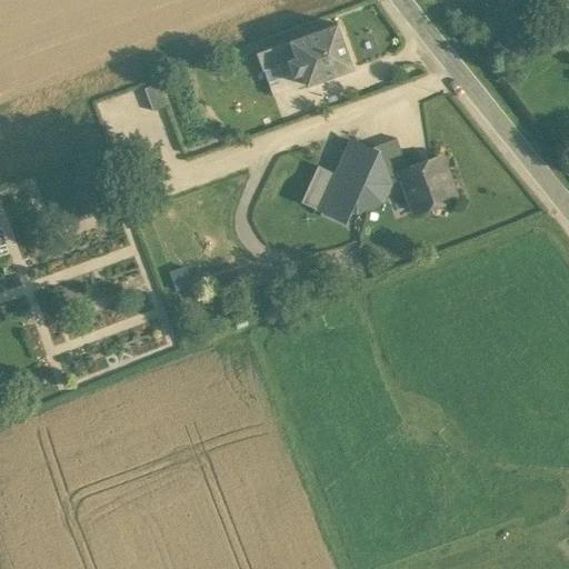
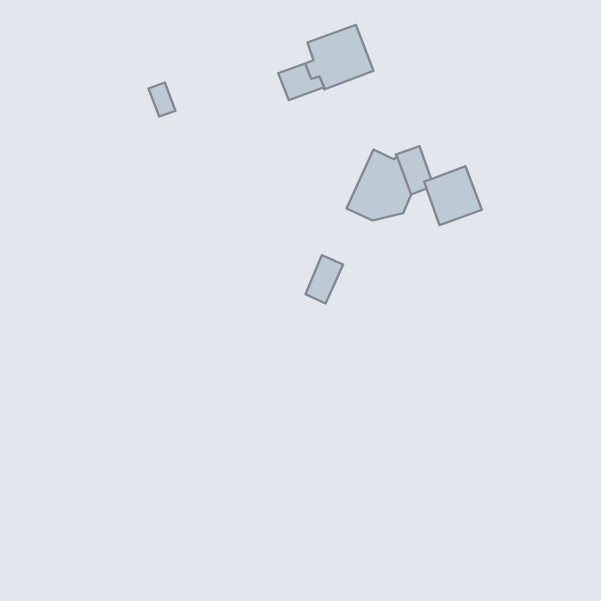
building: [256,41,296,70] -> none
building: [301,167,337,212] -> [305,255,343,304]

